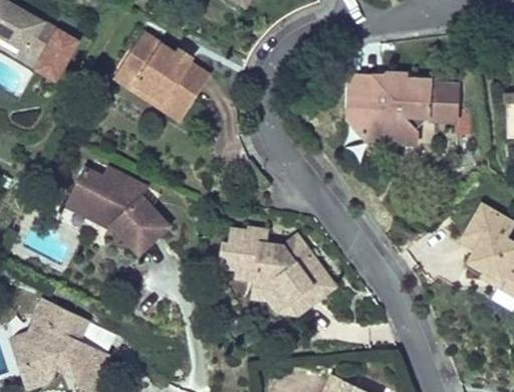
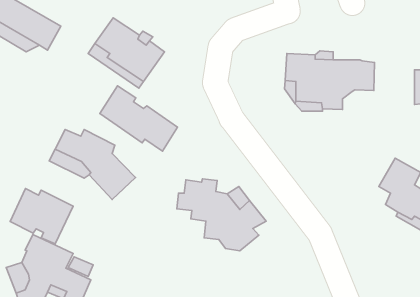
building: none -> [100,86,178,151]
building: none -> [10,189,73,244]

